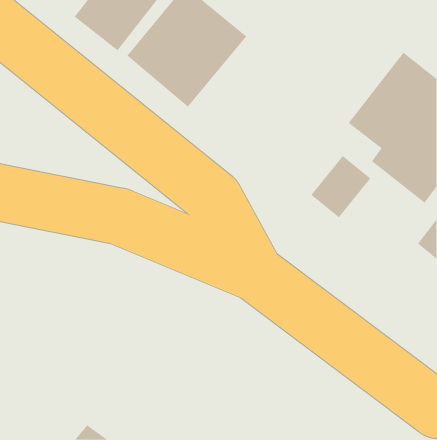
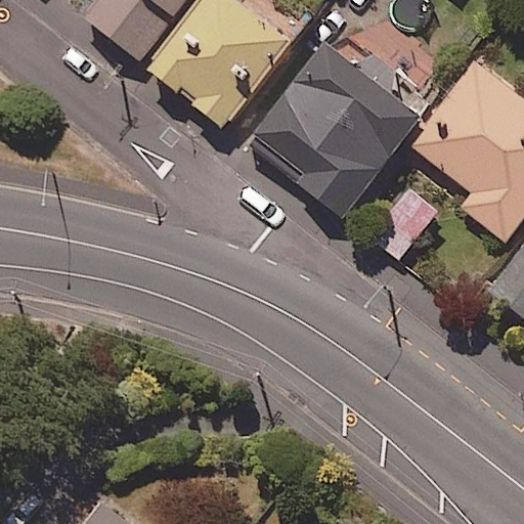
building: none -> [249,29,421,217]

